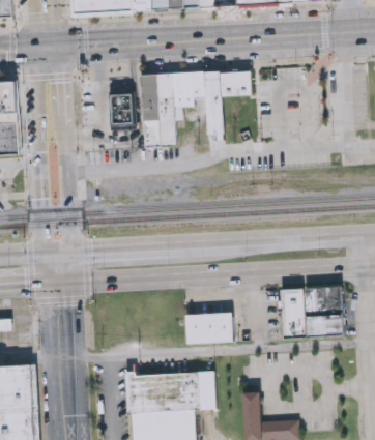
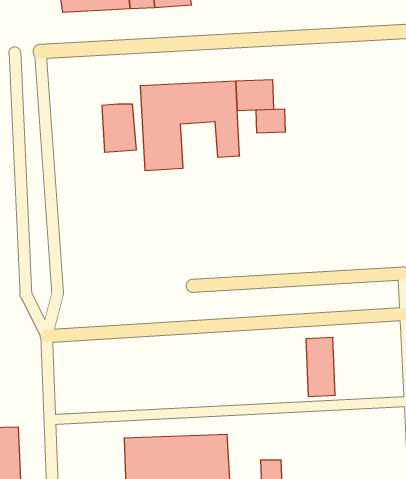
building: none -> [256,109,285,133]
building: [305,285,343,336] -> none
building: [184,313,232,344] -> none

